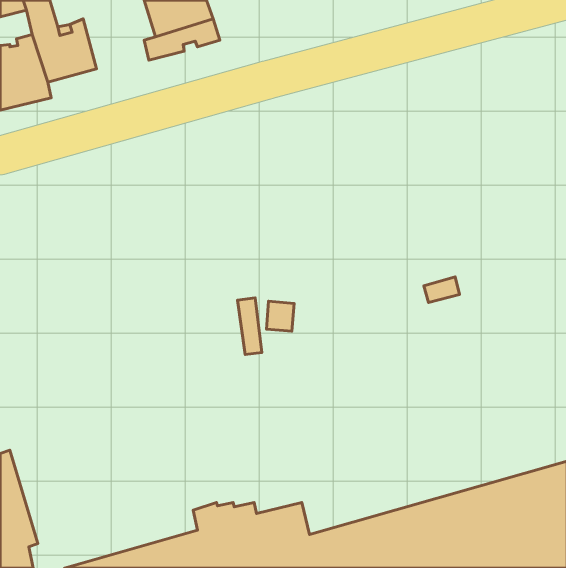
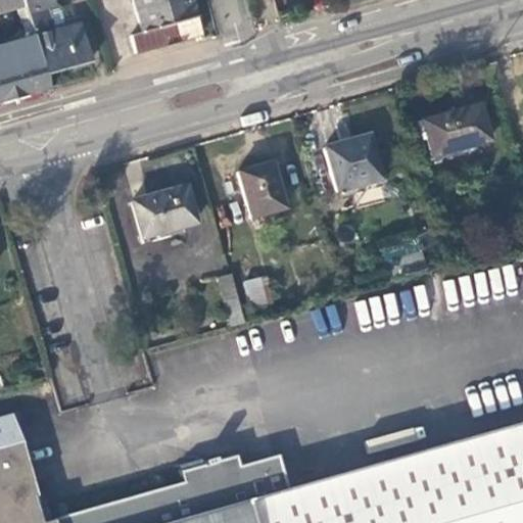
building: none -> [422,106,489,157]
building: none -> [326,138,382,196]
building: none -> [238,164,285,222]
building: none -> [133,188,196,238]

